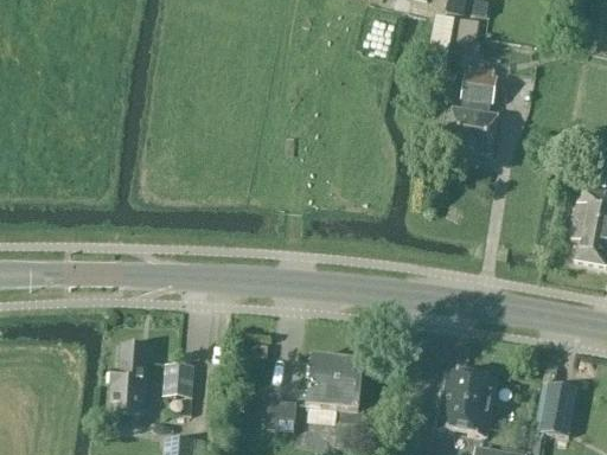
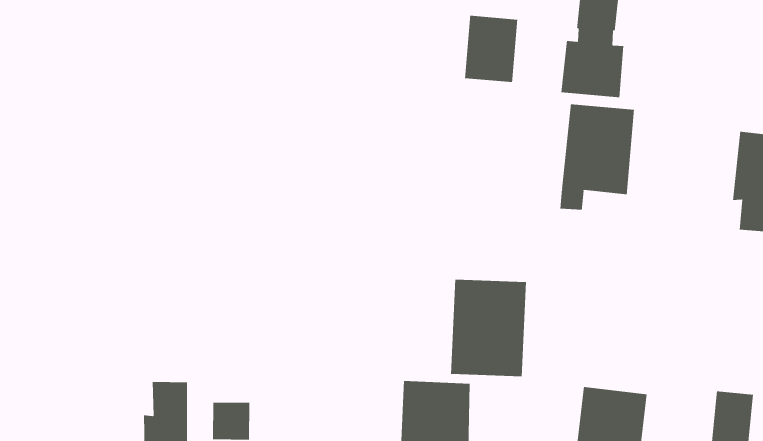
building: none -> [465,15,518,83]
building: none -> [560,104,634,211]
building: none -> [451,279,526,377]

